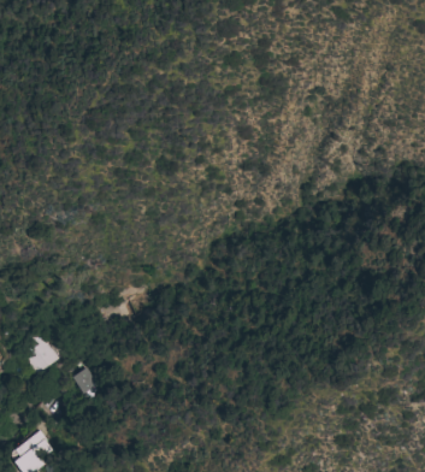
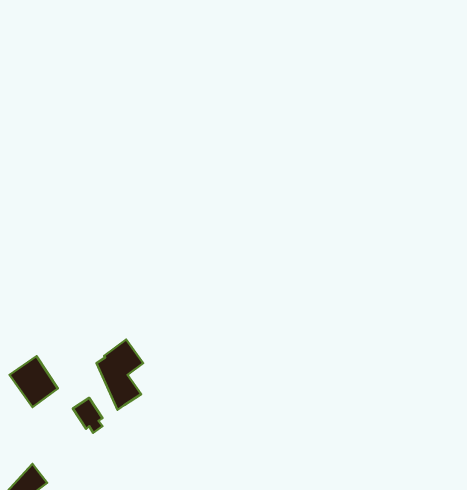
building: none -> [97,340,143,410]

